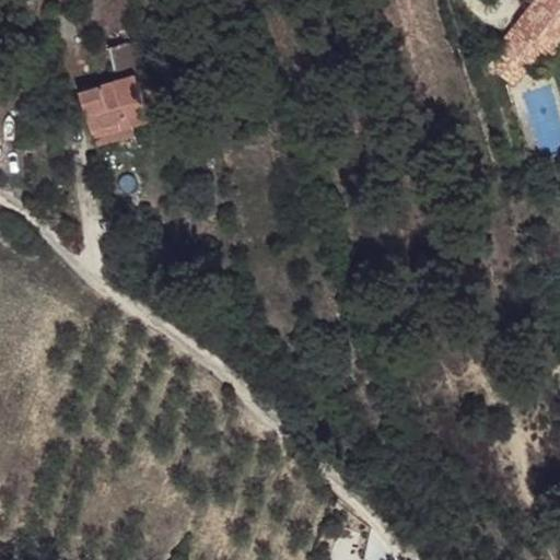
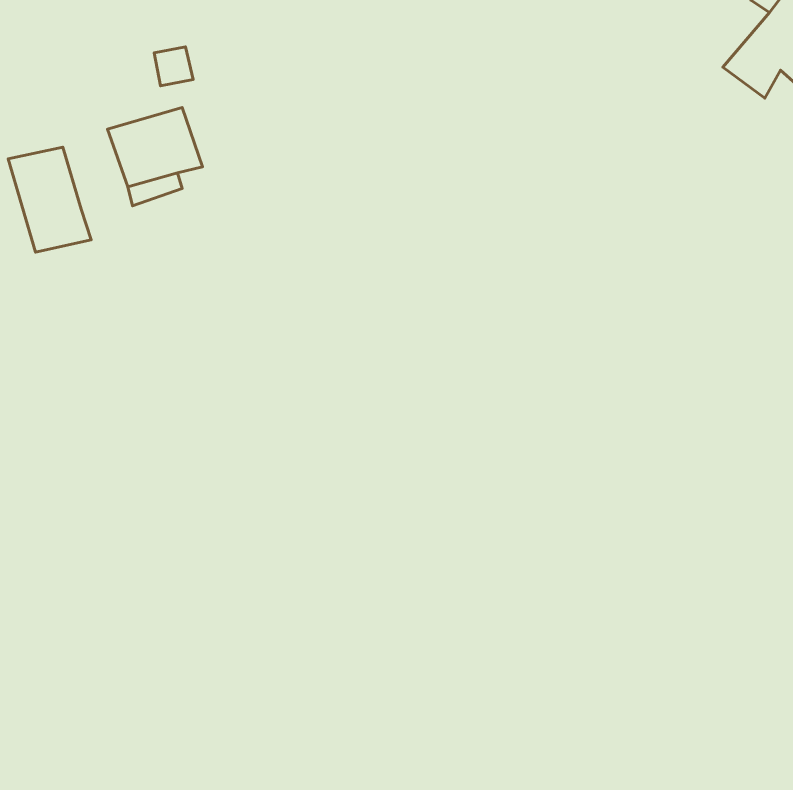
building: none -> [8,147,91,252]

